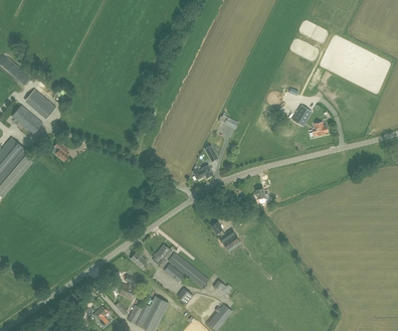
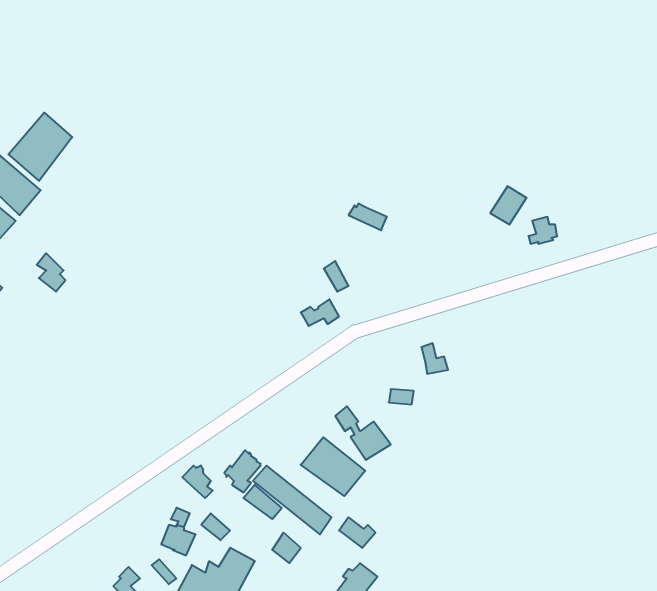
building: none -> [8,113,72,181]
building: none -> [301,437,365,496]

